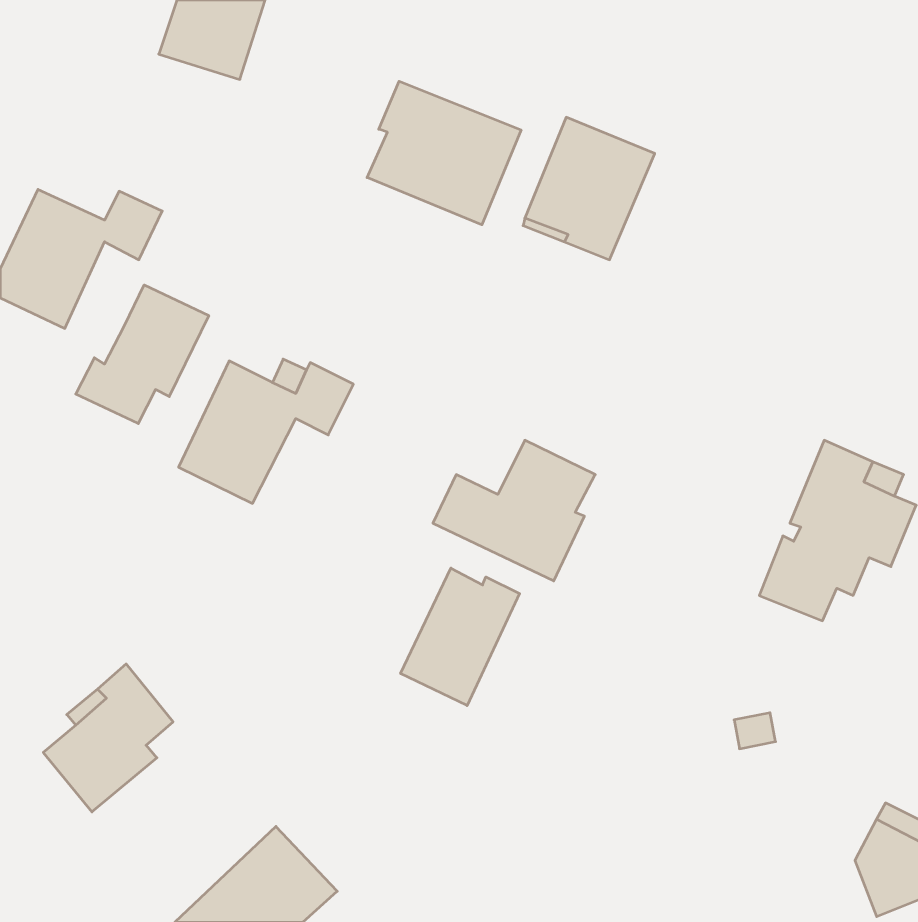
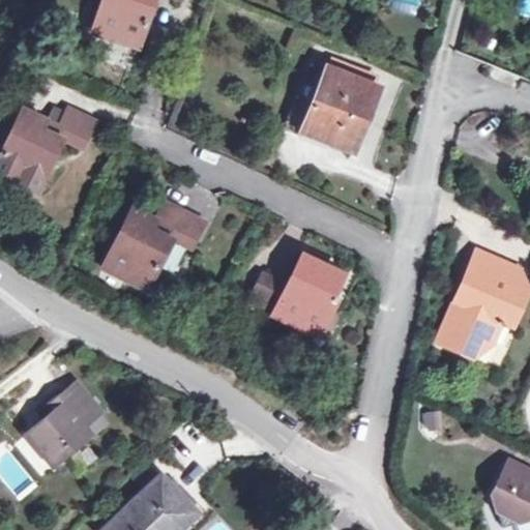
building: [367,81,521,225] -> none
building: [76,285,209,424] -> none
building: [401,568,520,706] -> none

